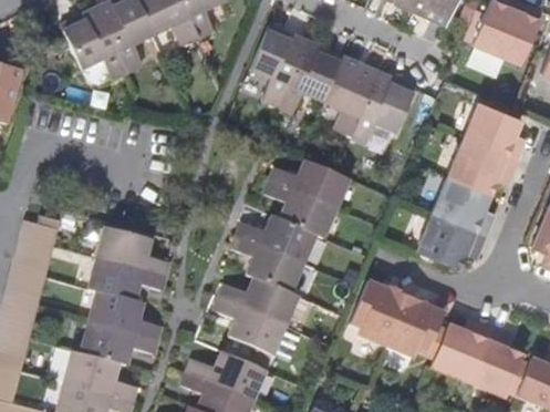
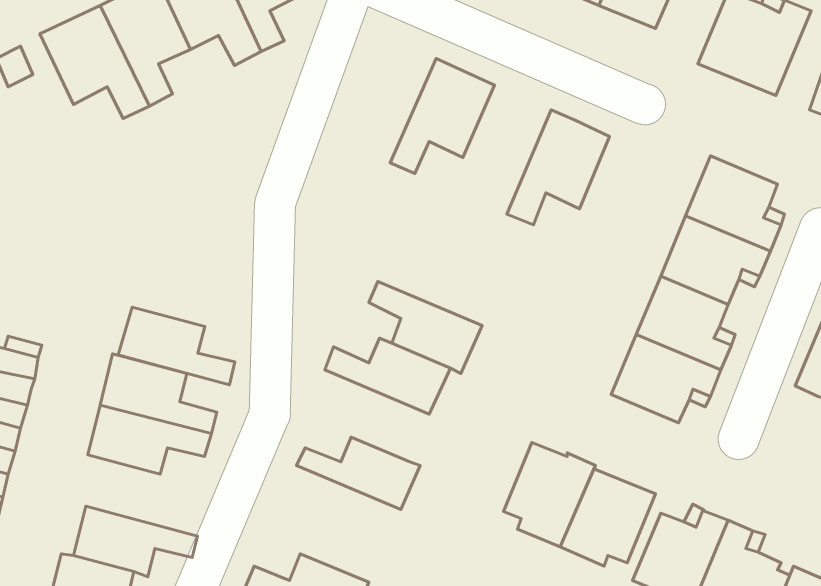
building: [251,24,308,106] -> none
building: [324,58,380,138] -> none
building: [271,159,350,208] -> none
building: [232,236,303,293] -> none
building: [89,291,162,340] -> [118,307,235,385]
building: [215,296,286,354] -> none

